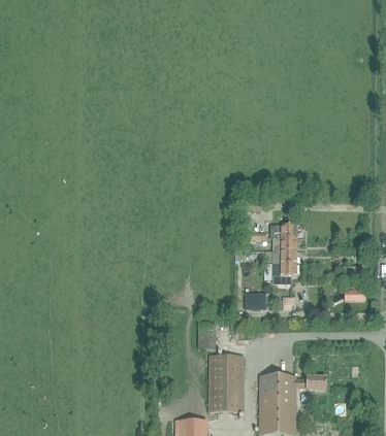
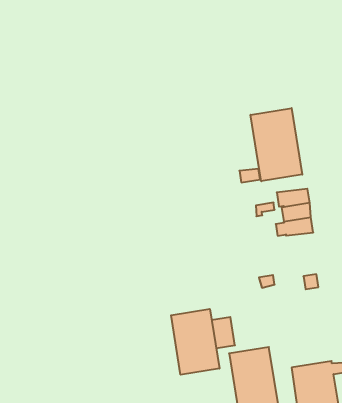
building: none -> [251,108,302,181]
building: [274,262,297,284] -> none
building: none -> [171,309,219,375]

